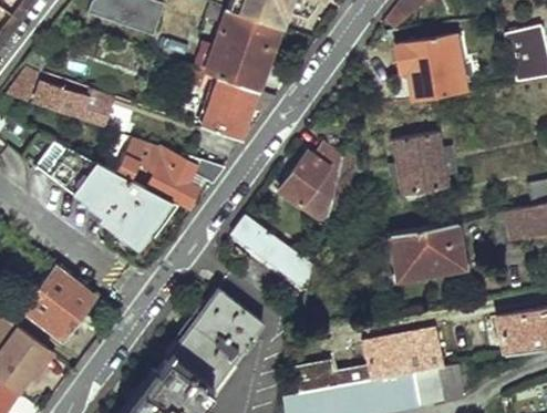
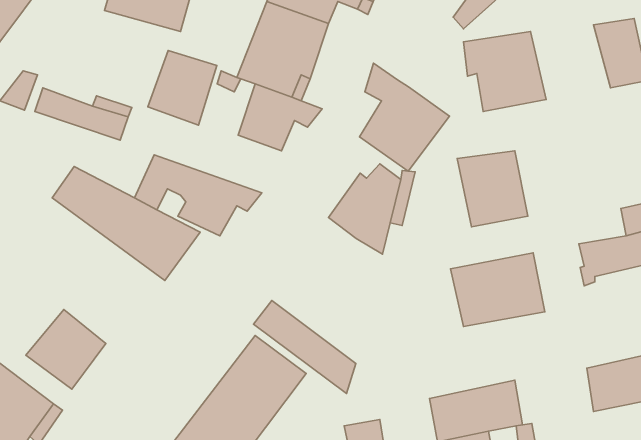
building: none -> [148,51,217,125]
building: none -> [360,63,449,171]
building: [228,214,314,292] -> [253,301,356,394]

